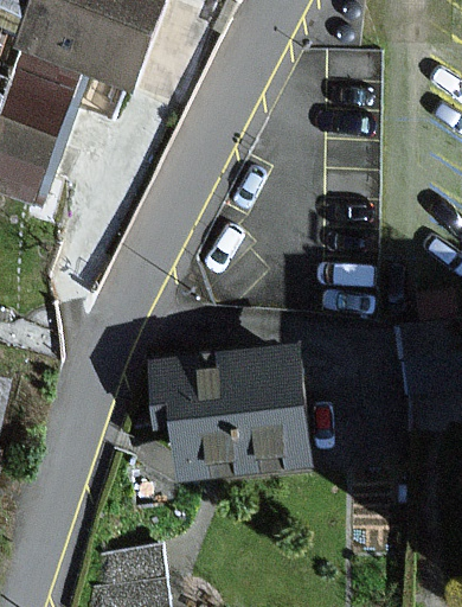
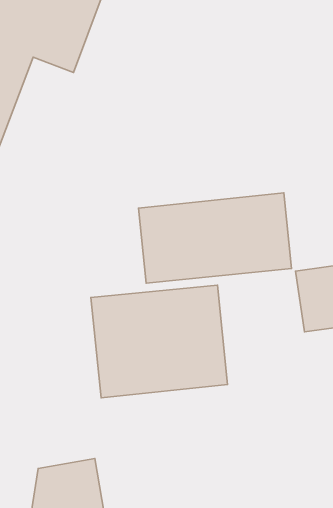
building: none -> [139,193,291,283]

